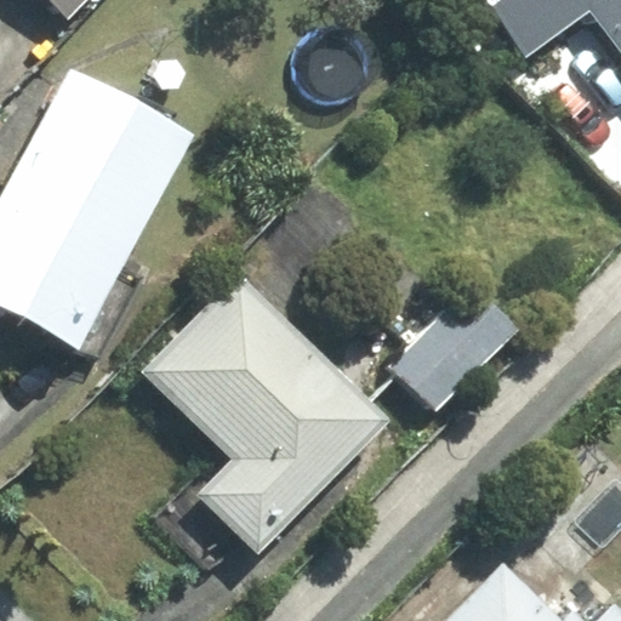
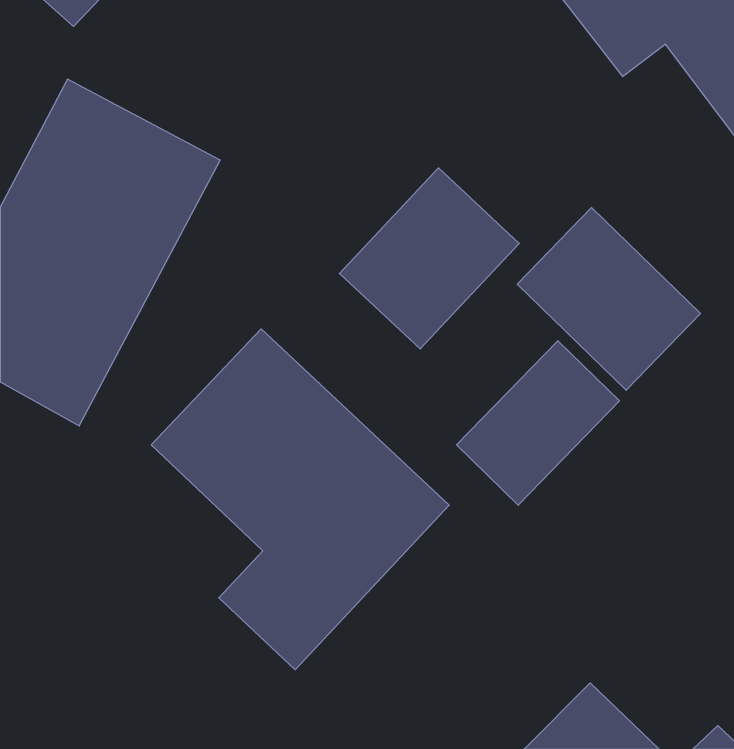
building: none -> [339,168,519,349]
building: none -> [517,208,700,390]

